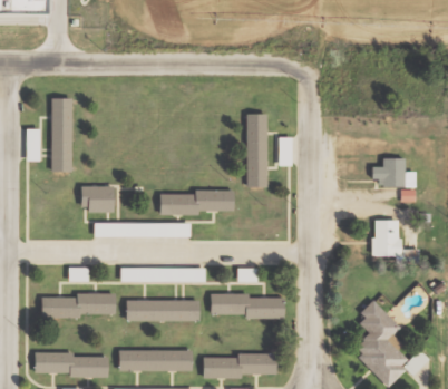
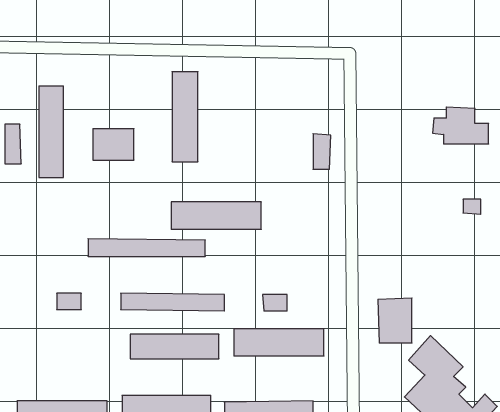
building: [246,114,267,187] -> [172,72,198,162]
building: [369,157,415,187] -> [433,107,489,144]
building: [81,186,115,212] -> [93,129,134,160]
building: [370,218,398,255] -> [378,298,412,343]
building: [42,294,116,317] -> none

